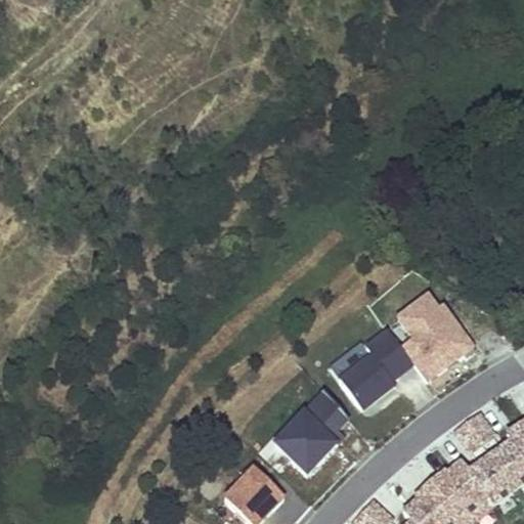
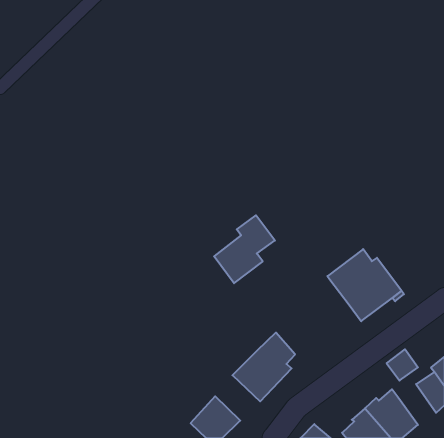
building: [340,329,411,408] -> [214,215,275,283]
building: [469,451,514,499] -> none

